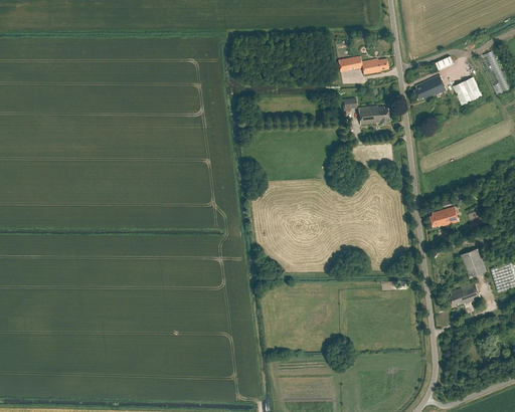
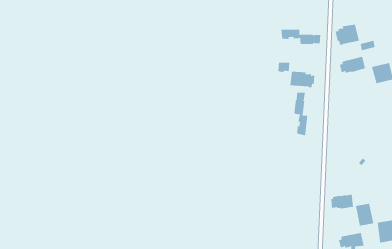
building: none -> [335,24,360,46]
building: none -> [293,92,308,136]
building: [430,205,459,226] -> [330,194,354,209]

